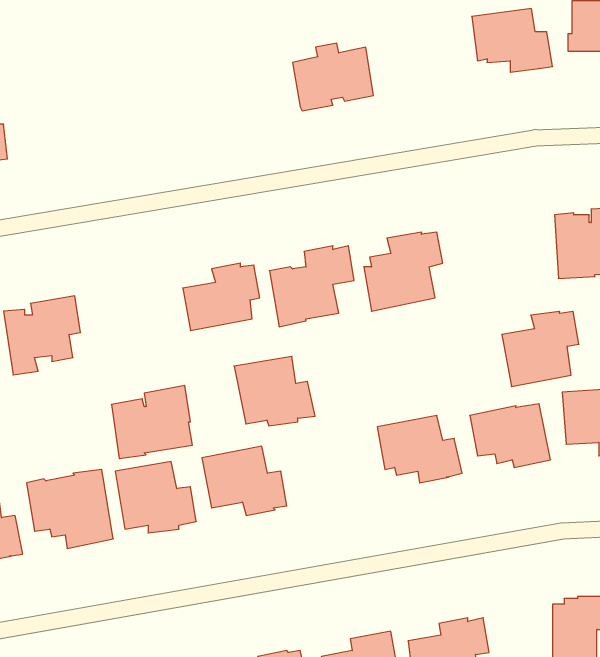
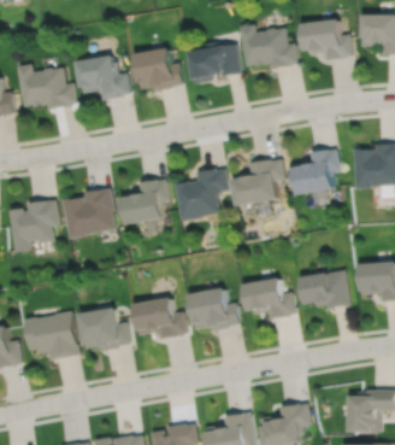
building: none -> [241,27,299,71]
building: none -> [135,51,183,93]
building: none -> [77,55,130,103]
building: none -> [18,66,76,112]
building: [502,311,579,387] -> [293,152,341,199]
building: [234,356,315,426] -> [189,286,240,329]
building: [111,385,192,459] -> [65,191,116,236]

